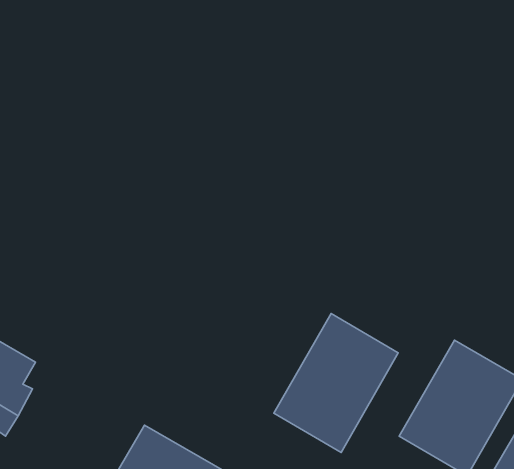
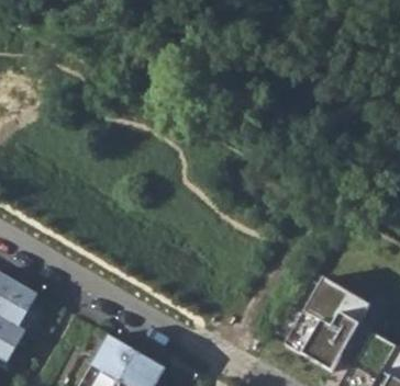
building: [274,313,398,452] -> none

